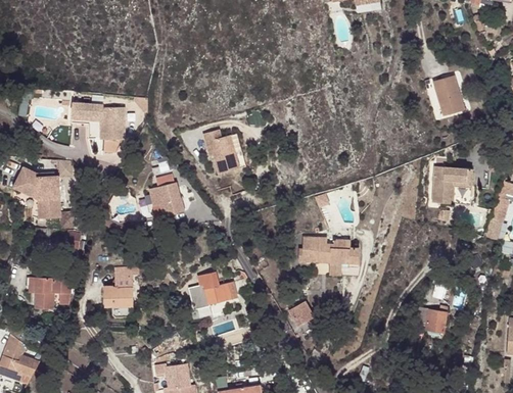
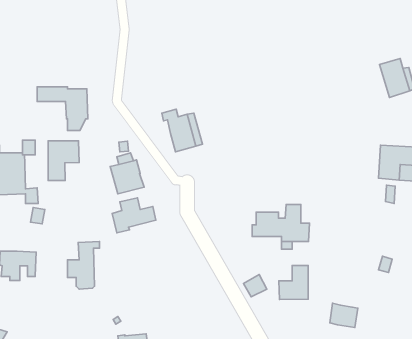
building: none -> [48,141,79,180]
building: [189,274,235,310] -> [112,198,156,233]
building: none -> [279,266,308,300]
building: [416,307,446,333] -> [330,303,358,328]

